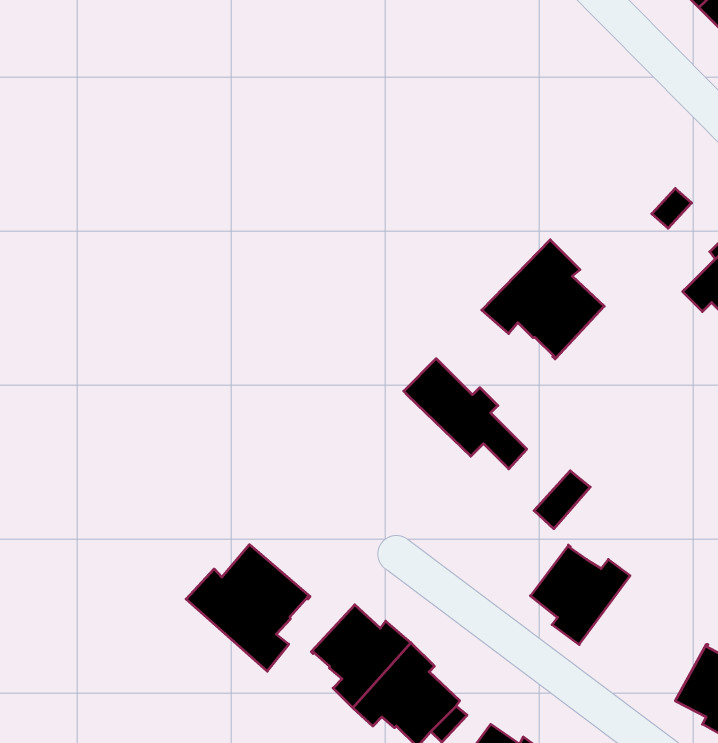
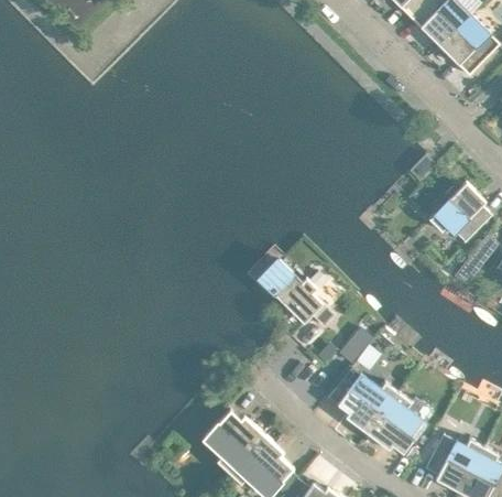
building: [482,240,604,359] -> none
building: [186,545,310,671] -> none
building: none -> [365,392,425,454]

